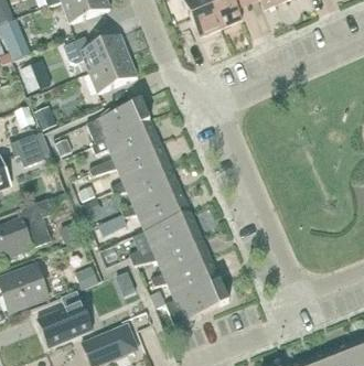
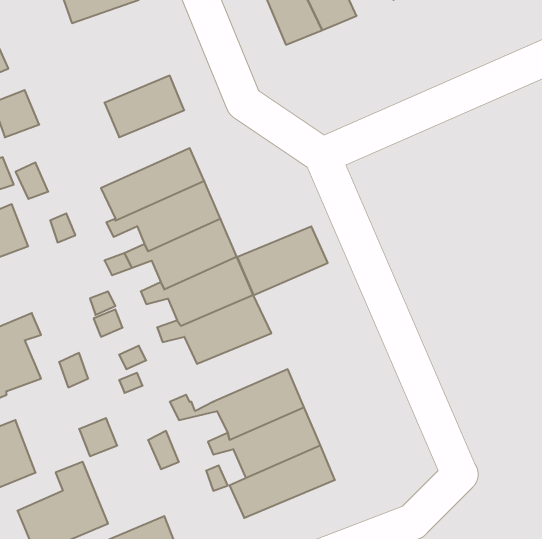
building: [65,33,129,71] -> none
building: [146,211,201,252] -> [237,226,328,295]

